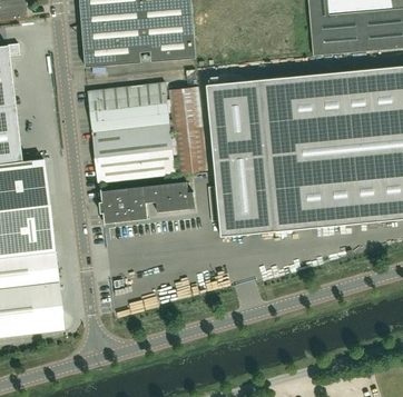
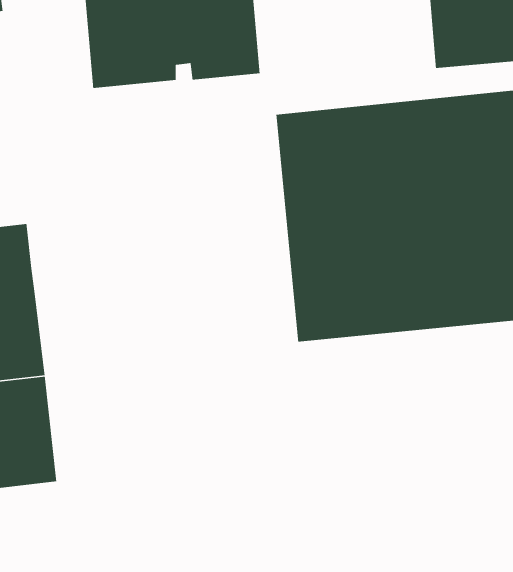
building: [88,82,208,183] -> none
building: [100,181,195,224] -> none

